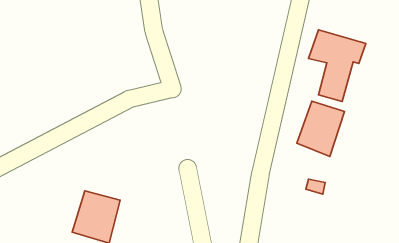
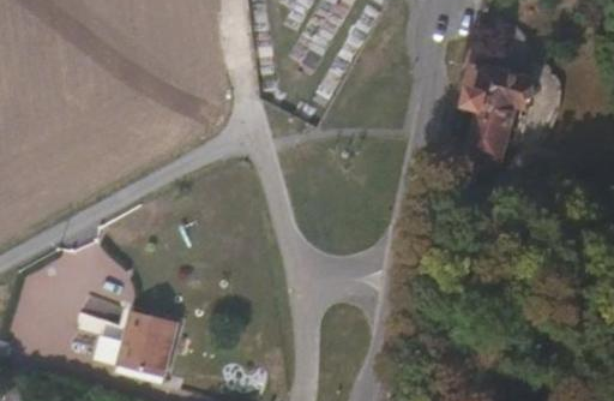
building: [297,101,345,156] -> none

